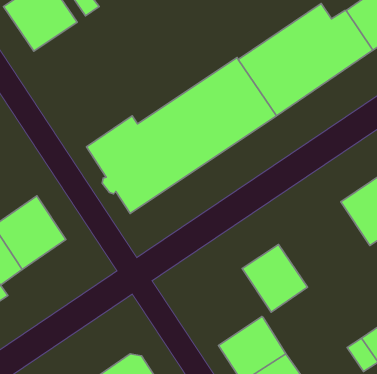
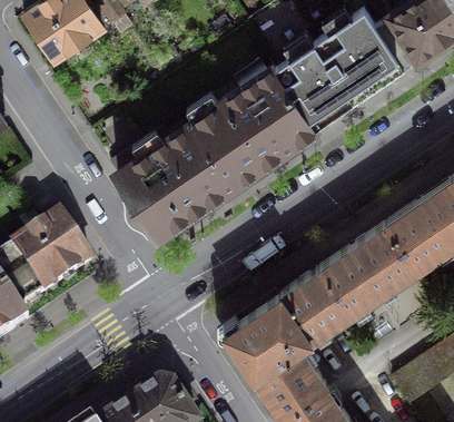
building: none -> [316,222,414,313]
building: none -> [220,293,308,375]

